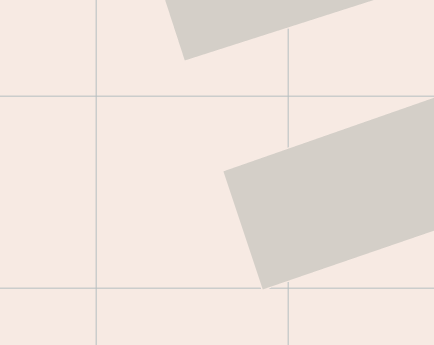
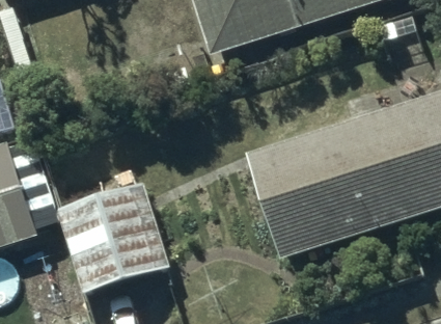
building: none -> [55,180,168,290]

